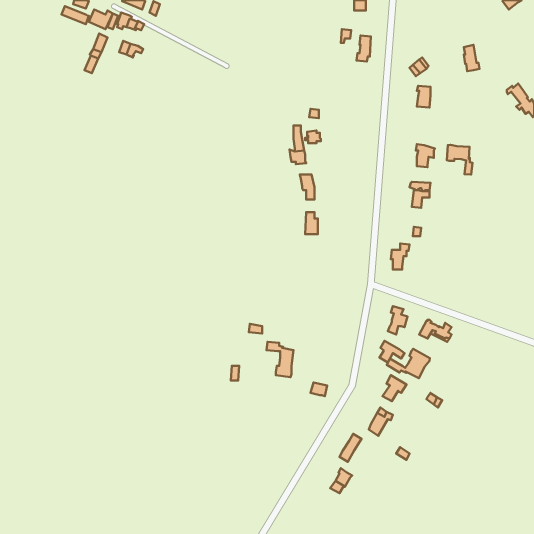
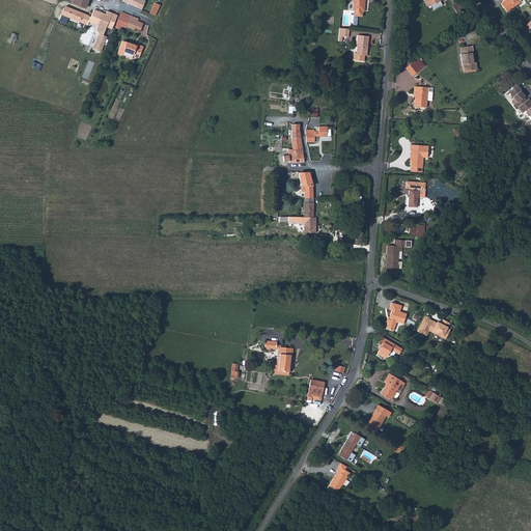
building: [447,145,472,175] -> none
building: [387,349,430,378] -> none

